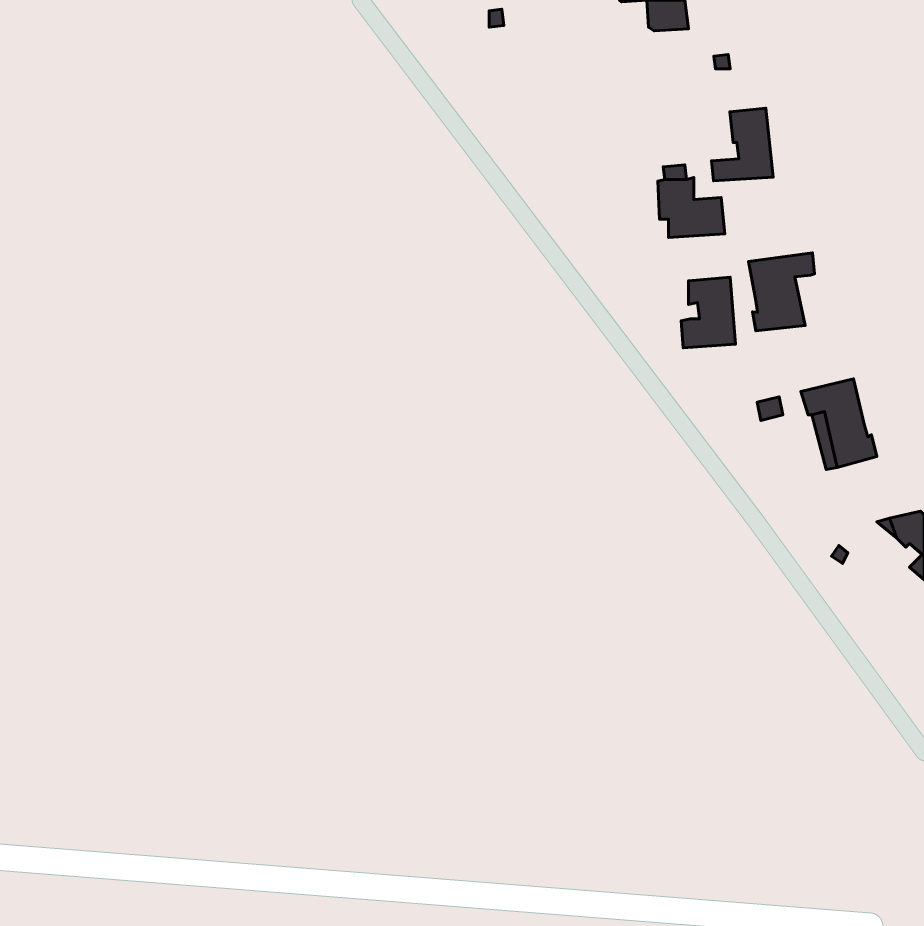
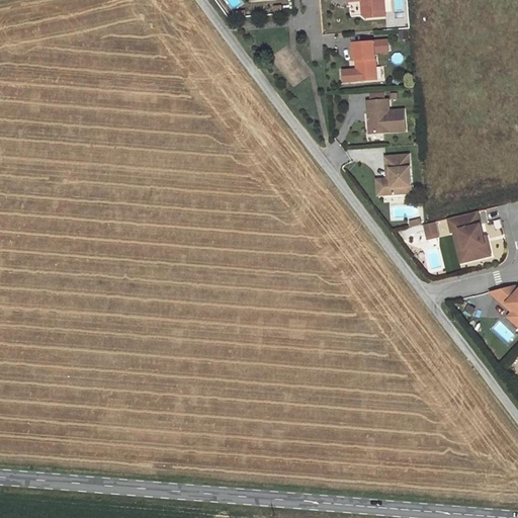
building: [712,108,773,181] -> [342,41,376,82]
building: [748,253,815,331] -> none

